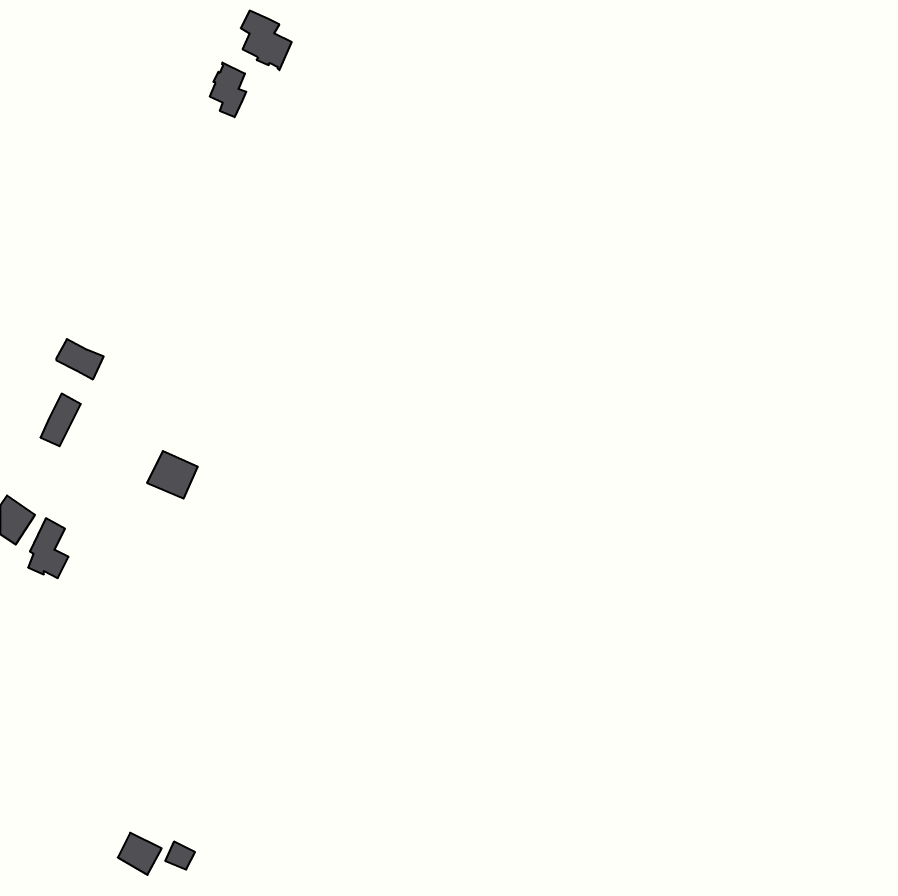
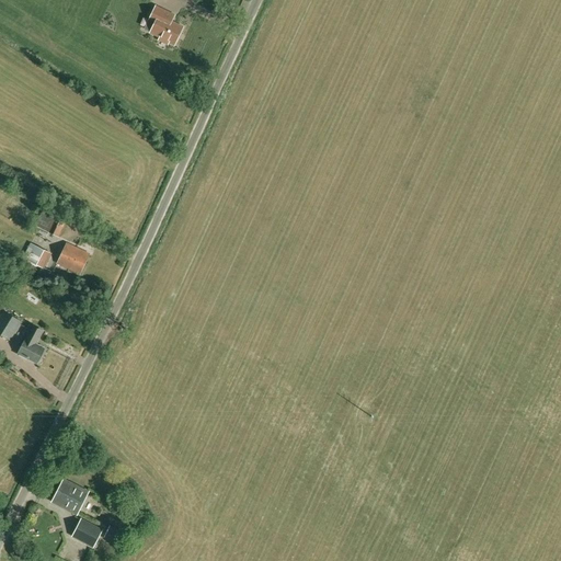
building: [210,62,246,117] -> none
building: [147,451,198,499] -> [57,243,89,273]
building: none -> [51,479,88,514]

